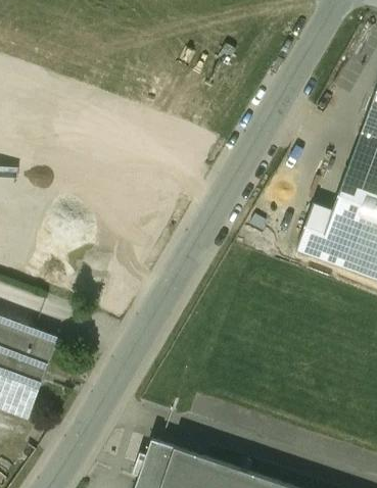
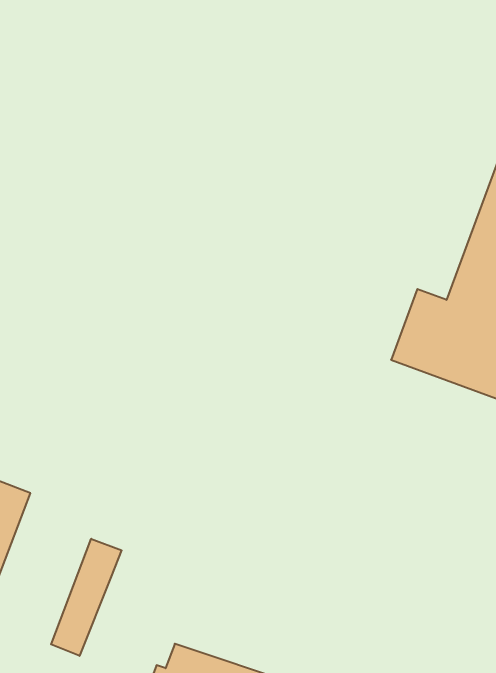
building: none -> [51,539,122,656]

